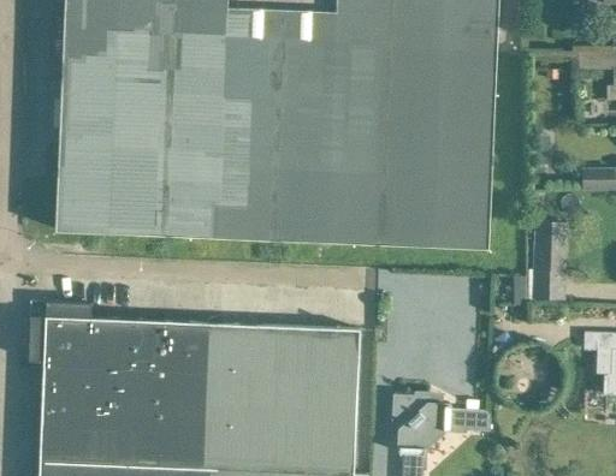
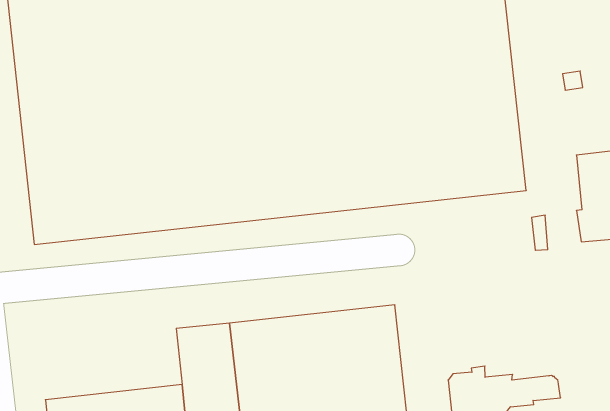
building: [28,303,166,371] -> none

